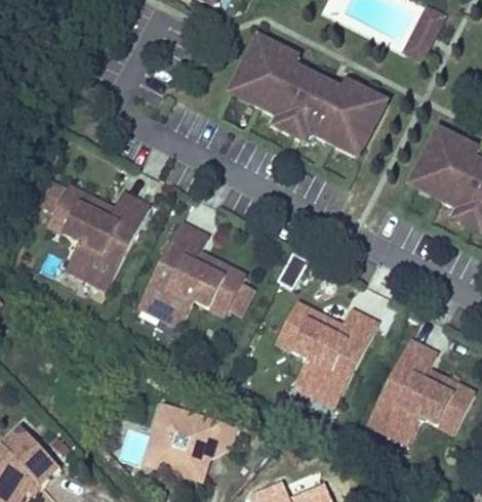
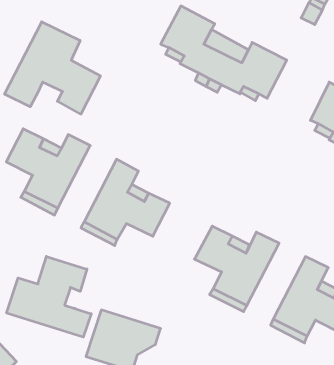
building: none -> [5,22,100,114]
building: none -> [7,256,91,337]

